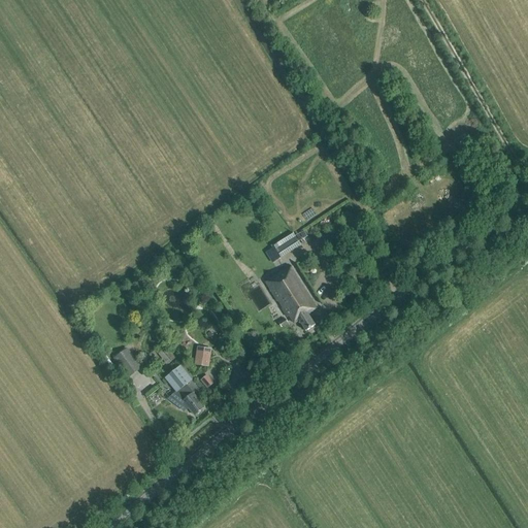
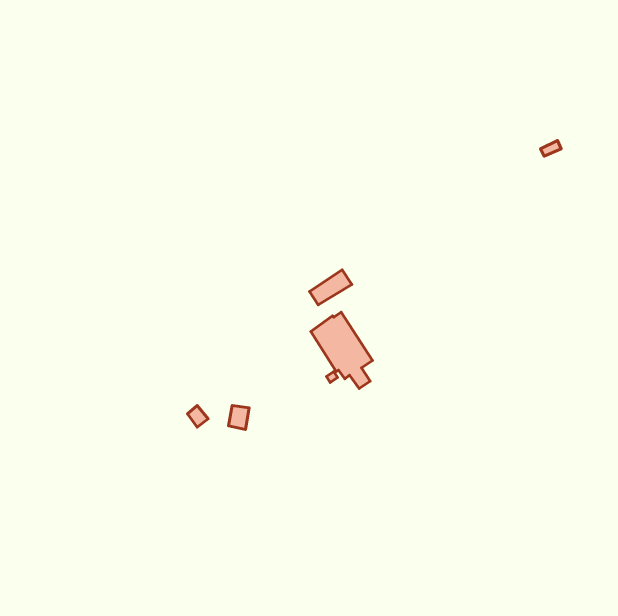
building: [113,346,142,377] -> none
building: [166,366,205,415] -> none

